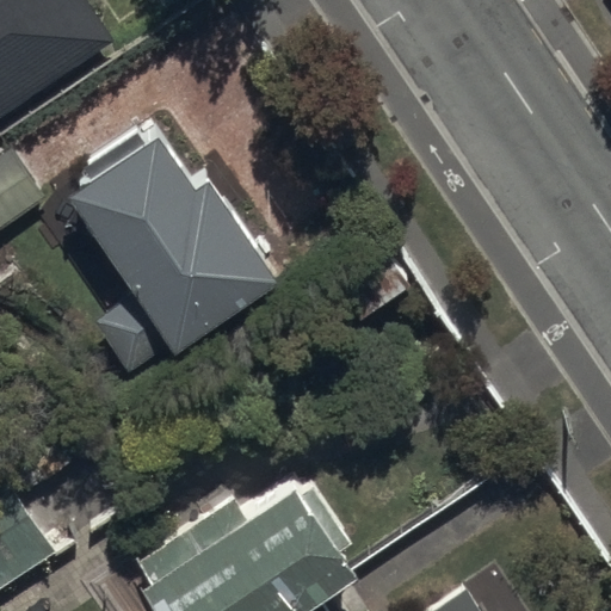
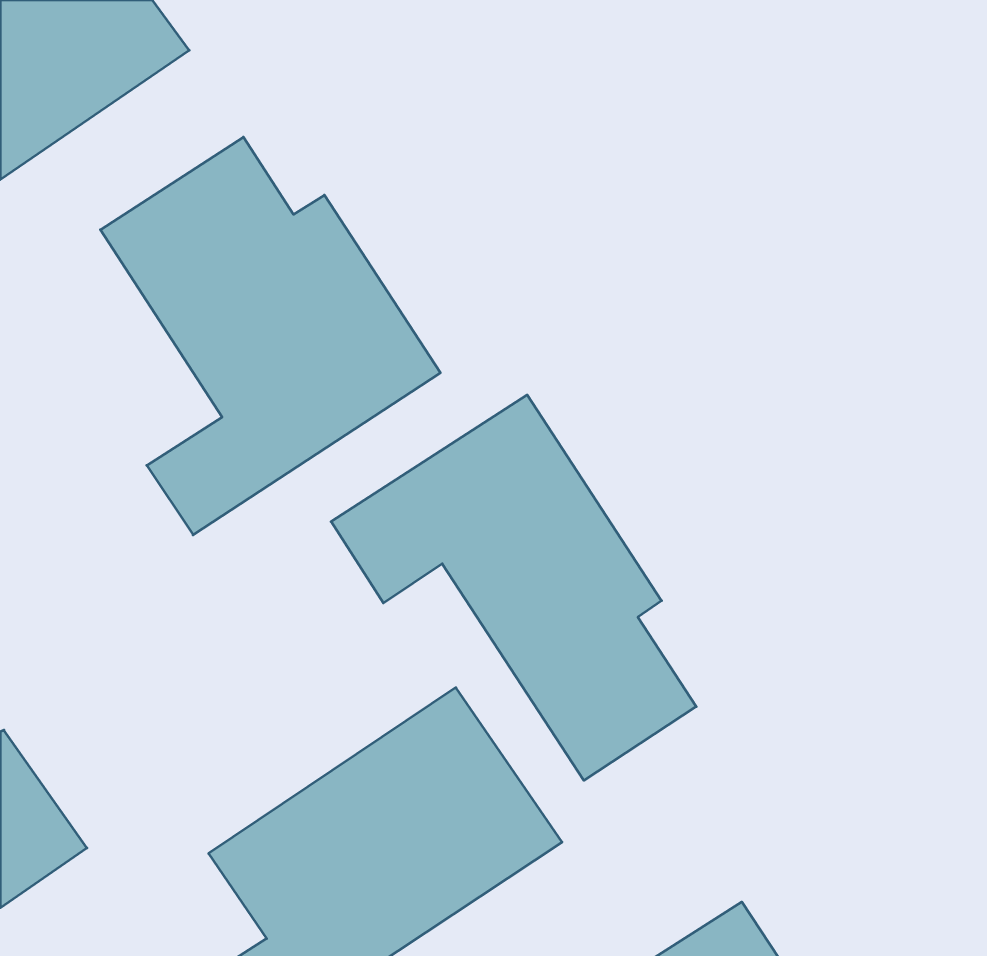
building: none -> [331,395,696,780]

